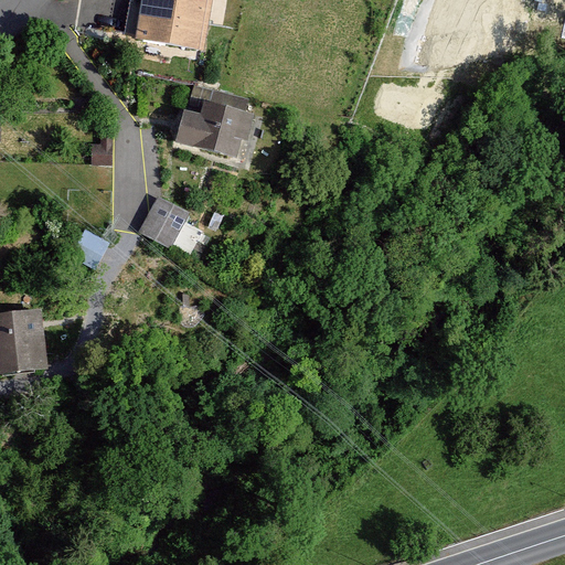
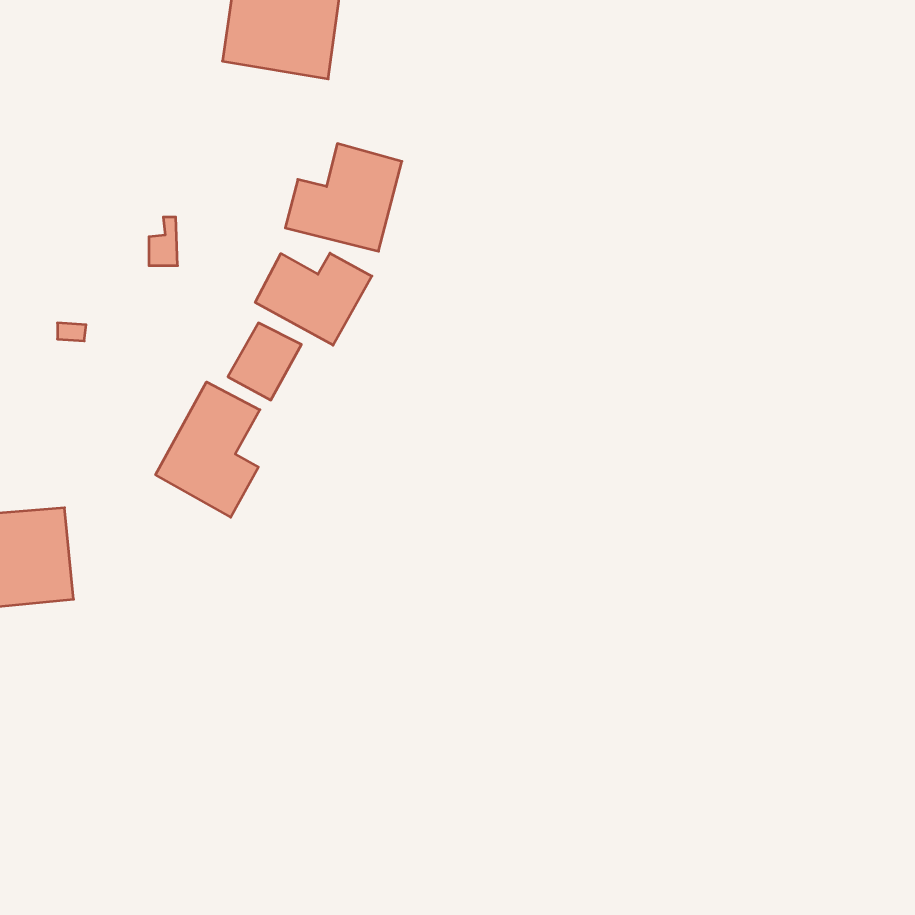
building: none -> [255,253,372,345]
building: none -> [156,382,260,517]

